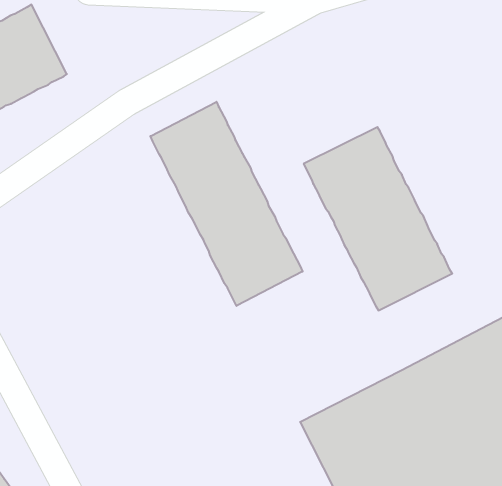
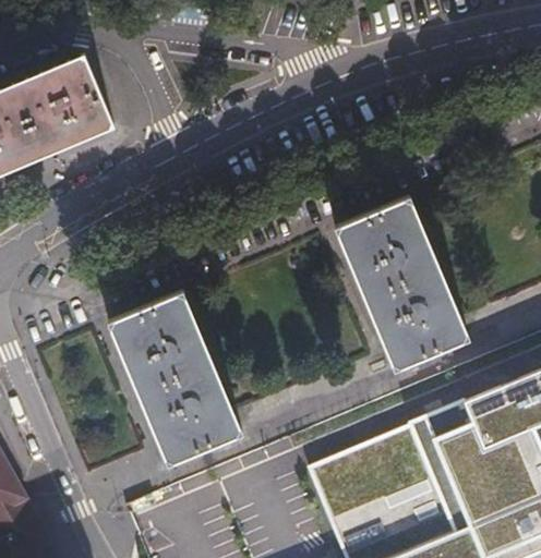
building: [150,102,303,306] -> none
building: none -> [109,294,241,466]

